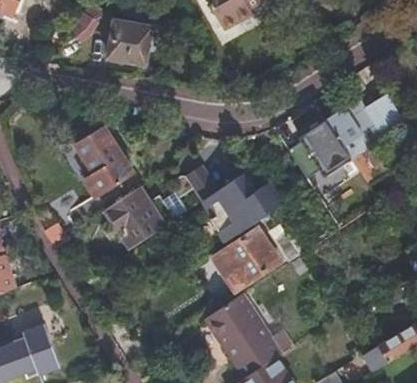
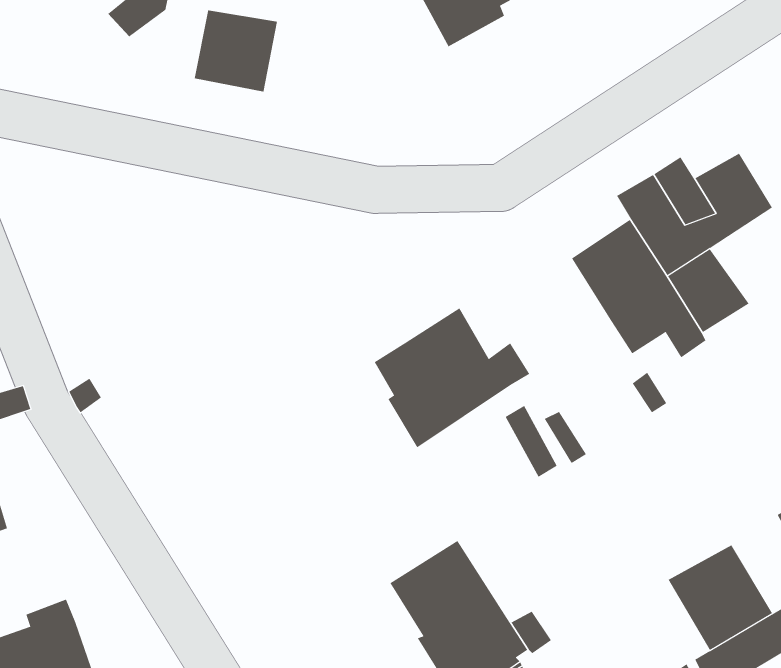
building: [78,126,134,195] -> none
building: [105,168,216,247] -> none
building: [213,227,279,282] -> none
building: none -> [668,544,773,651]

